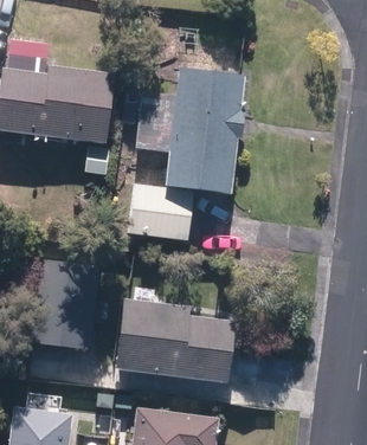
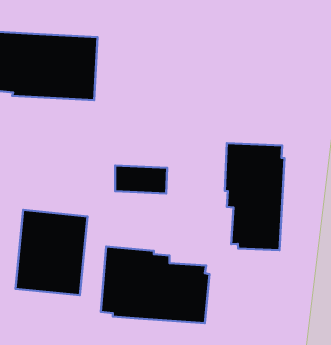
building: [136,75,244,192] -> none
building: none -> [225,143,284,250]

